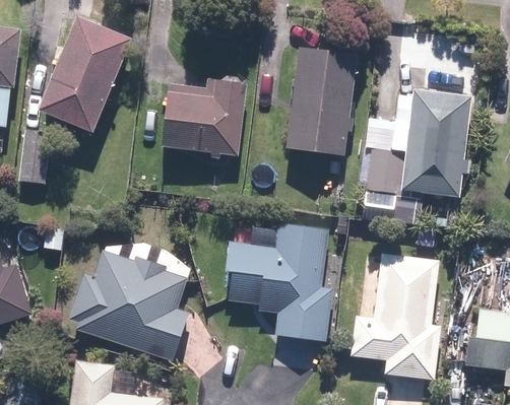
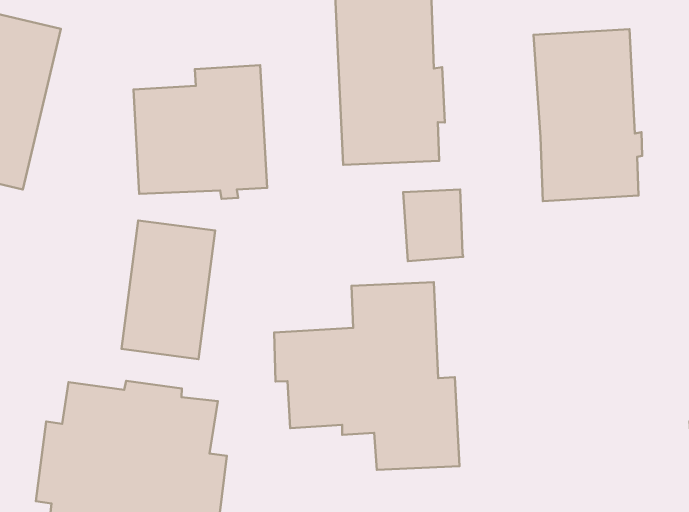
building: [368,148,406,193] -> [403,189,463,261]
building: none -> [122,221,215,359]
building: [348,252,441,379] -> none

